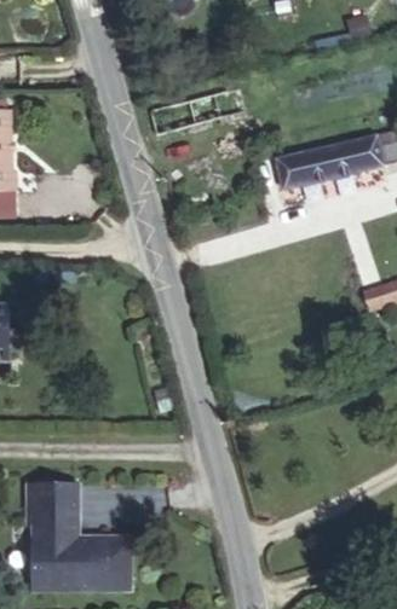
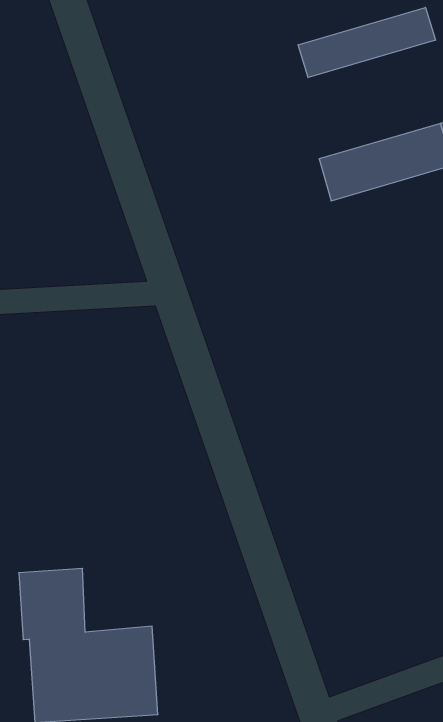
building: none -> [298,7,435,78]

